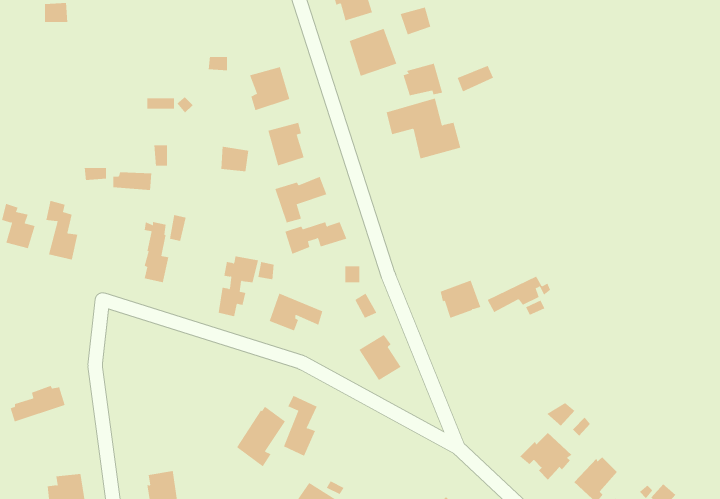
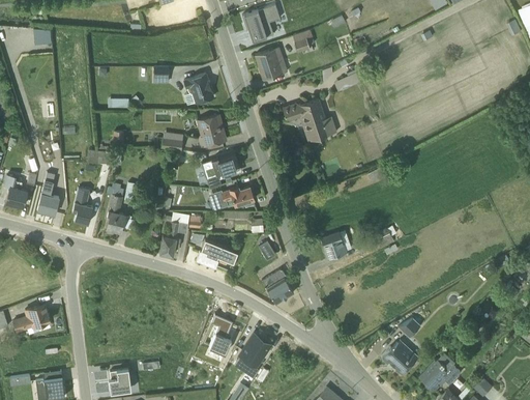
building: [403,63,443,96] -> none
building: none -> [73,181,92,224]
building: [236,406,286,467] -> [234,335,270,379]

